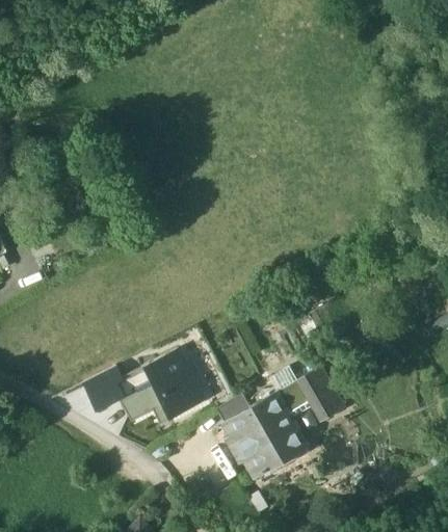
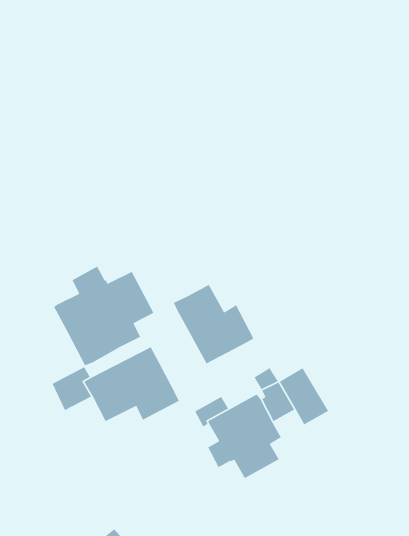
building: none -> [53,265,154,366]
building: none -> [173,284,255,365]

